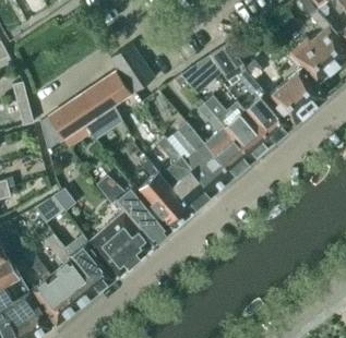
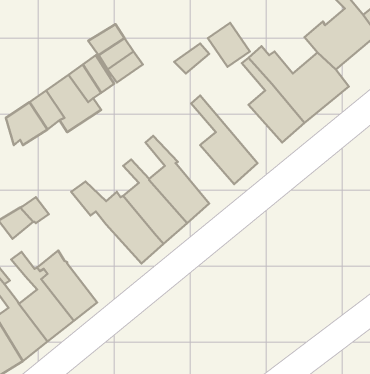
building: [203,96,272,160] -> none
building: [177,123,231,194] -> none
building: [90,212,154,277] -> none

